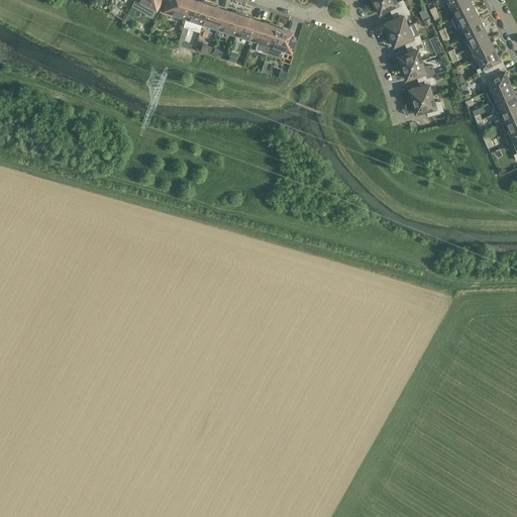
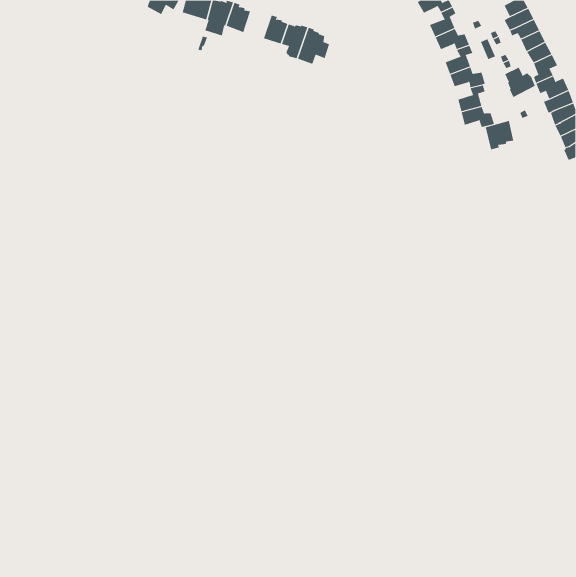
building: [218,10,242,34] -> none
building: none -> [504,67,535,98]
building: none -> [485,120,514,150]

